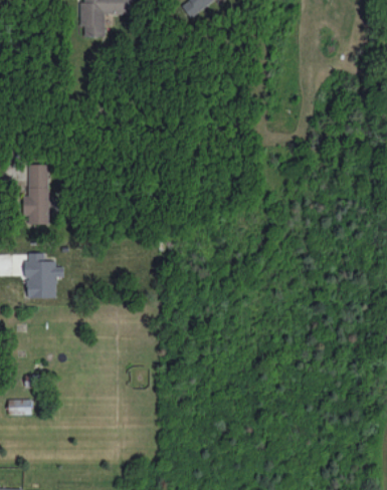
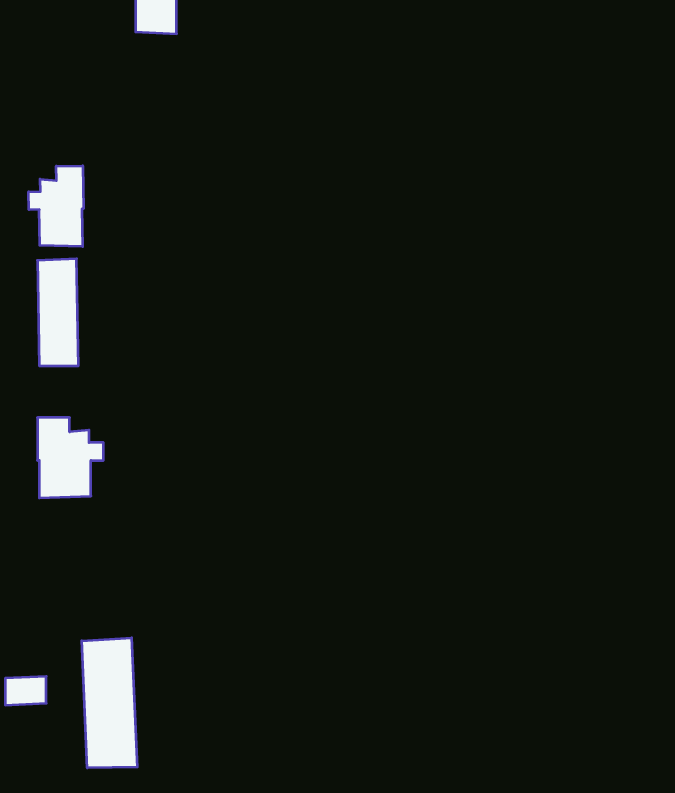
building: none -> [29,166,83,247]
building: none -> [82,638,137,768]

